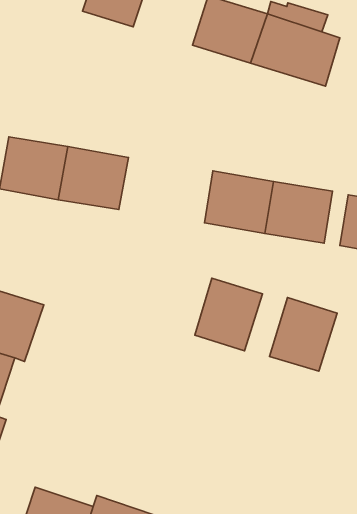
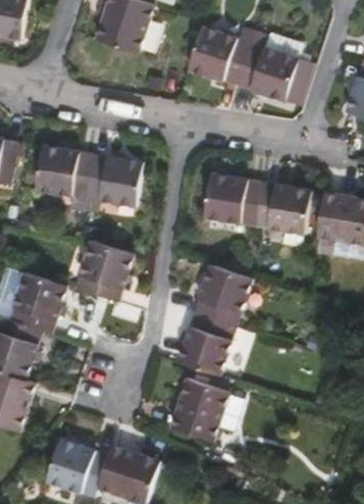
building: none -> [75,242,133,303]
building: [269,297,337,371] -> [178,312,236,374]
building: none -> [170,377,228,441]

